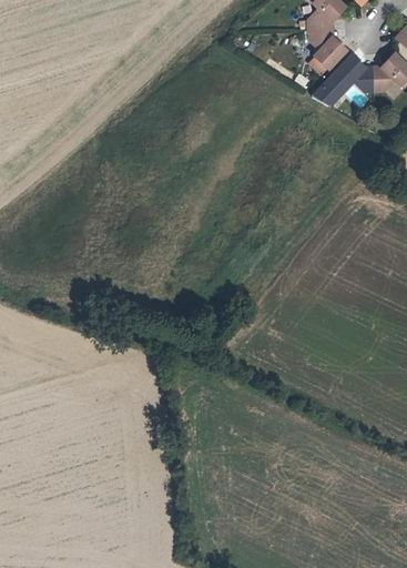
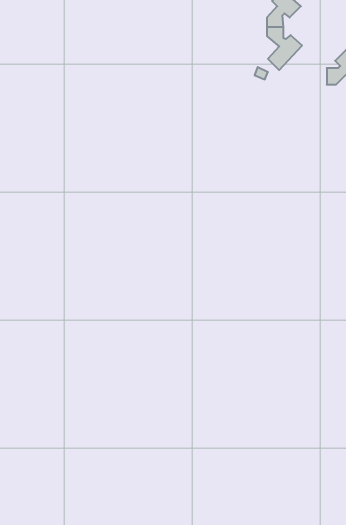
building: [313,54,372,104] -> none

